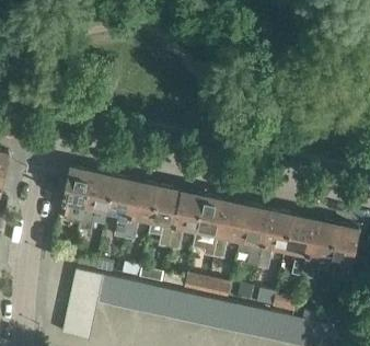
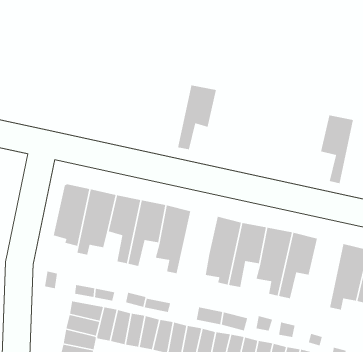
building: [169,193,204,251] -> [177,84,217,150]
building: [285,217,314,278] -> [320,114,354,184]

